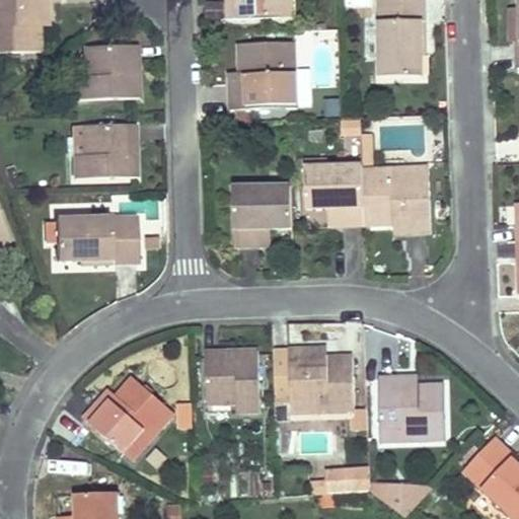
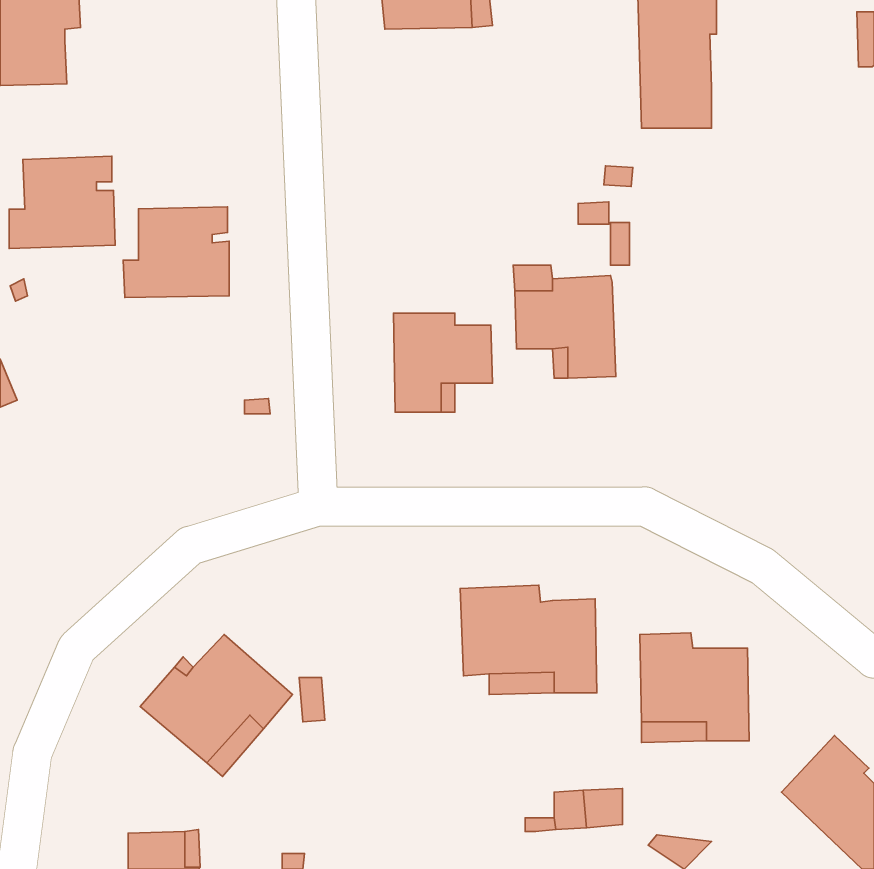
building: [229,31,296,108] -> none
building: [76,44,139,98] -> [9,156,115,249]
building: [363,165,430,232] -> none
building: [50,215,139,262] -> none
building: [205,349,260,411] -> none

